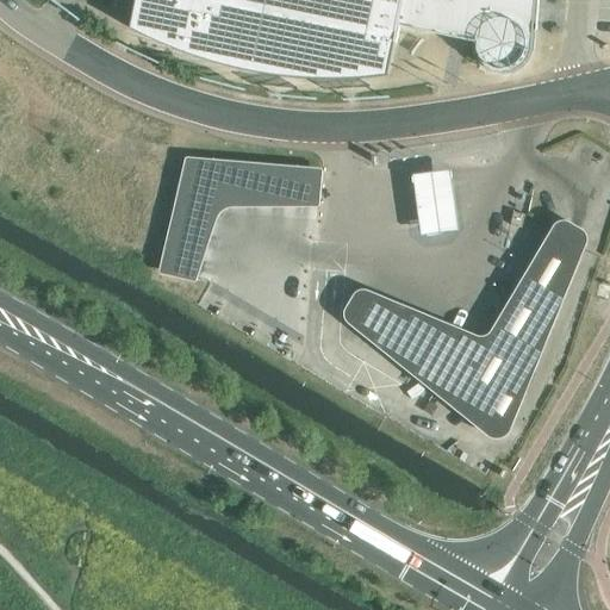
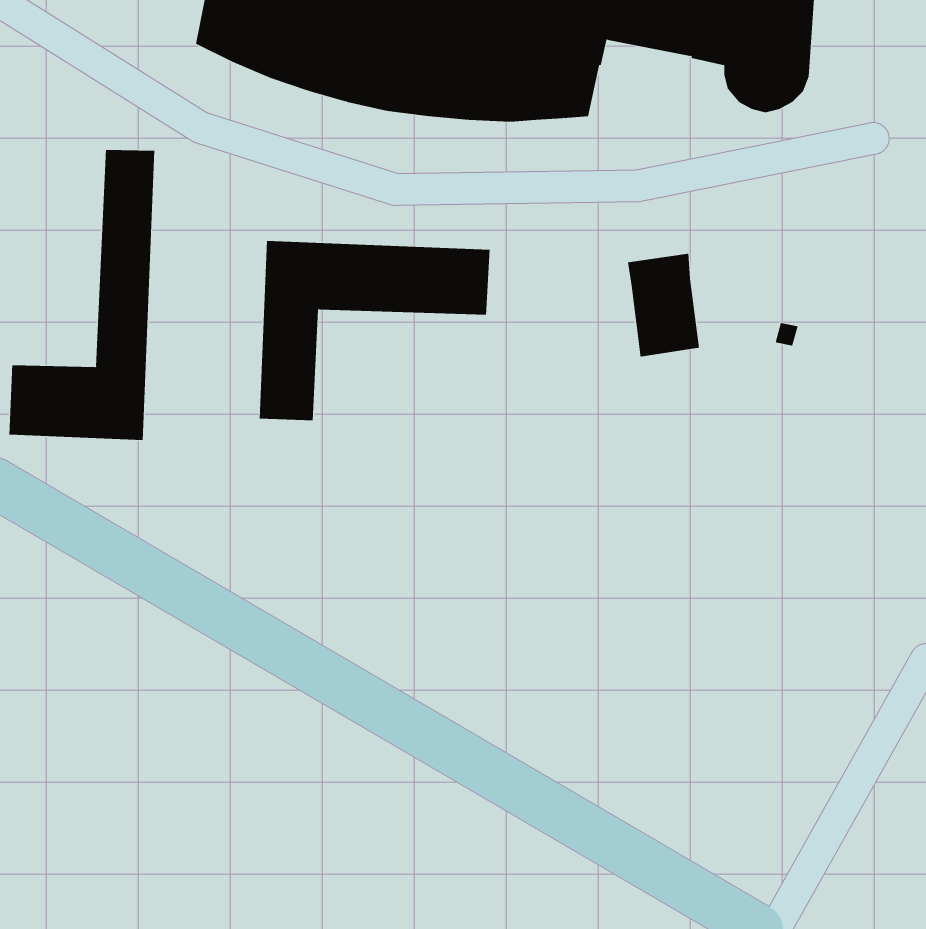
building: none -> [9,149,155,441]
building: [343,218,586,438] -> none

